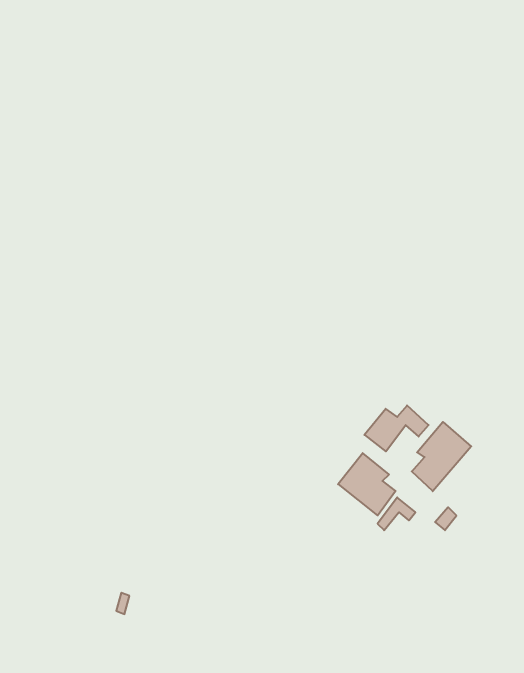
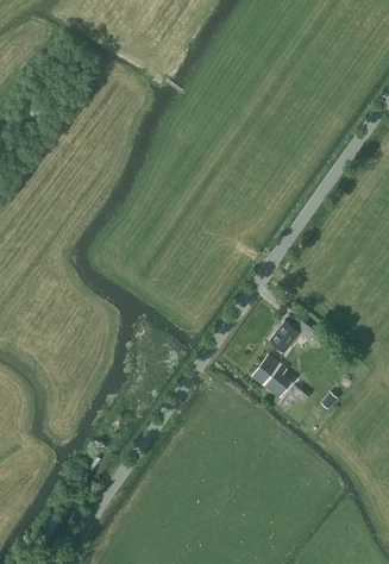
building: [412,422,471,491] -> none

